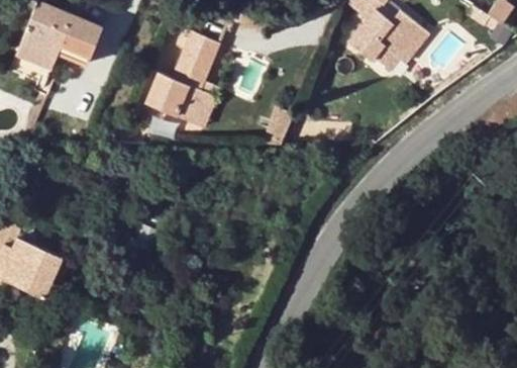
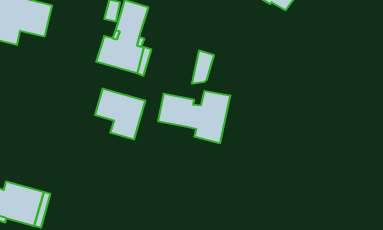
building: none -> [95,88,145,139]
building: none -> [158,91,230,143]

